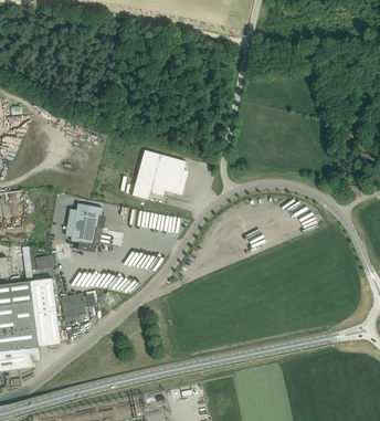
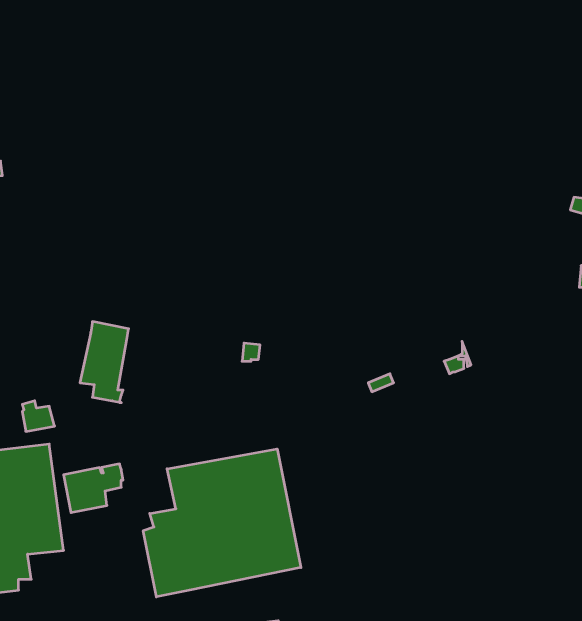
building: [131,150,186,200] -> none
building: none -> [143,449,301,597]

